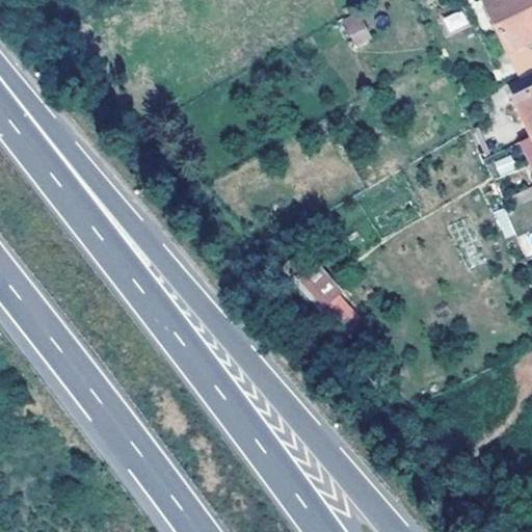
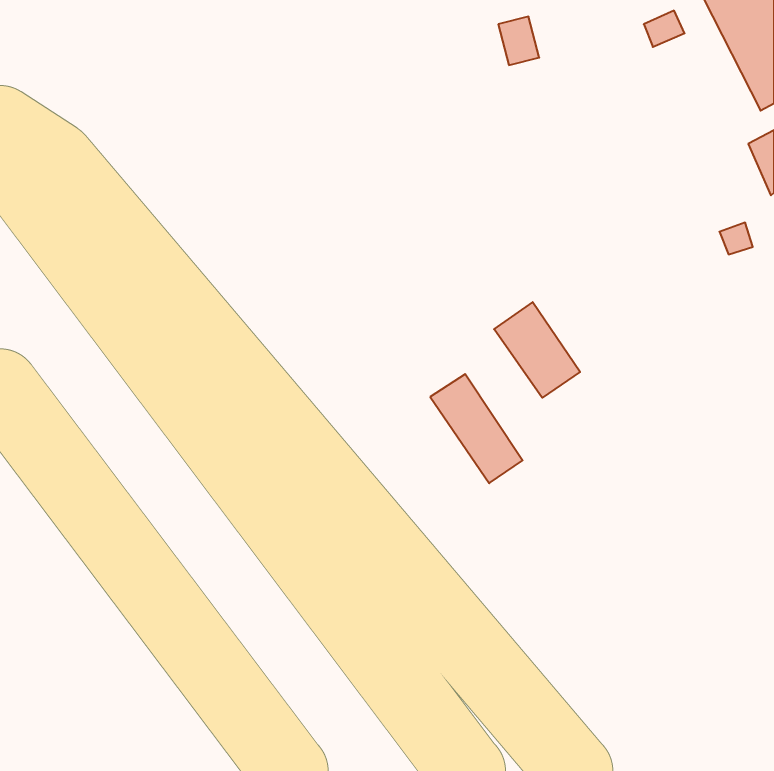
building: none -> [494,302,580,398]

